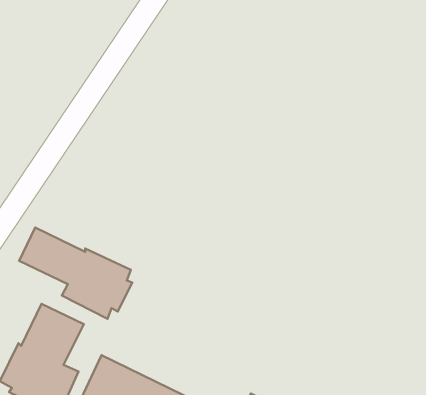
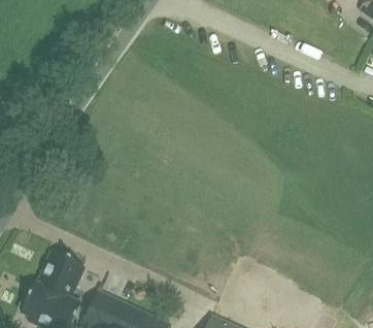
building: [19,228,132,319] -> none

